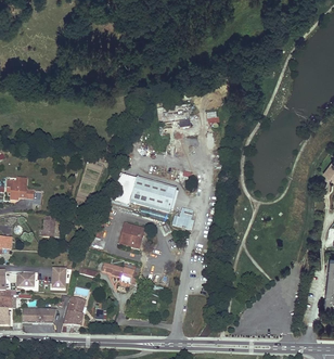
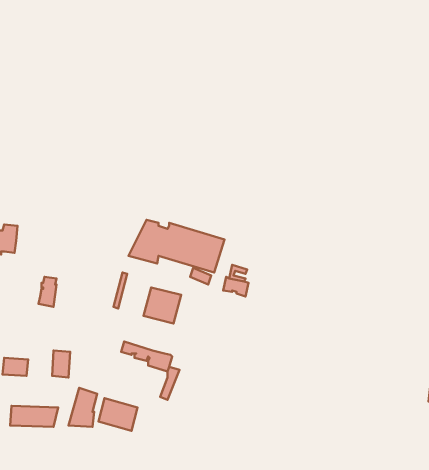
building: none -> [98,398,138,431]

